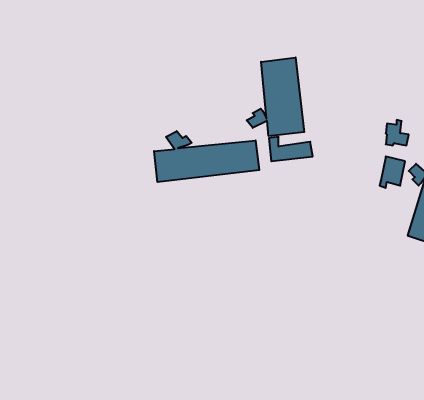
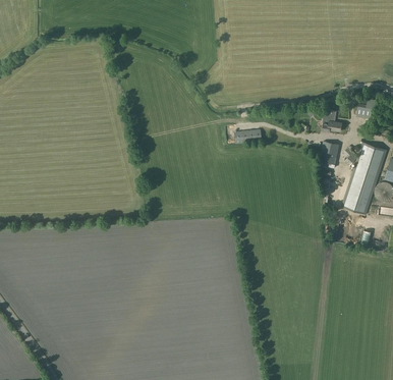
building: [247,57,304,136] -> none
building: [154,131,259,182] -> none

